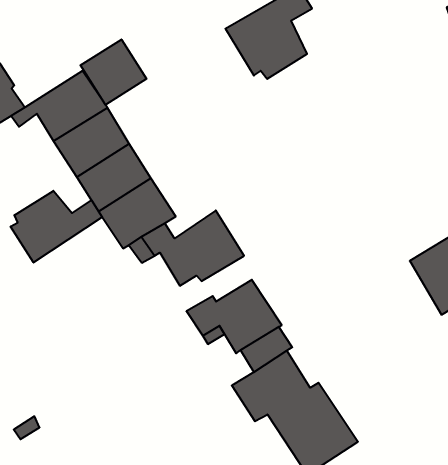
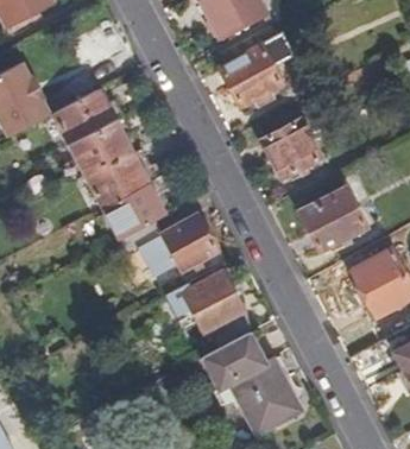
building: [80,39,146,105] -> none
building: none -> [263,118,322,178]
building: none -> [301,184,368,251]
building: [11,191,102,263] -> none

